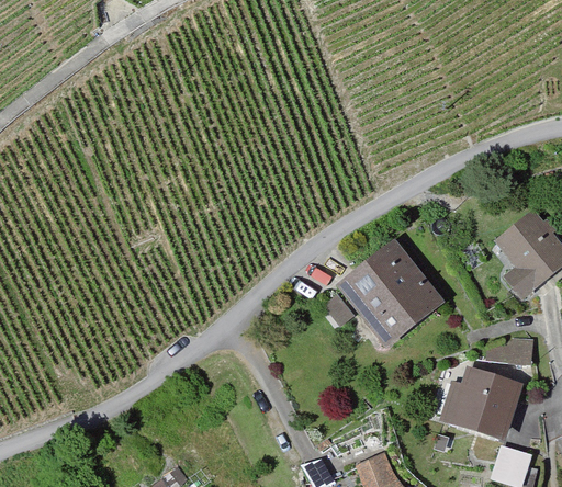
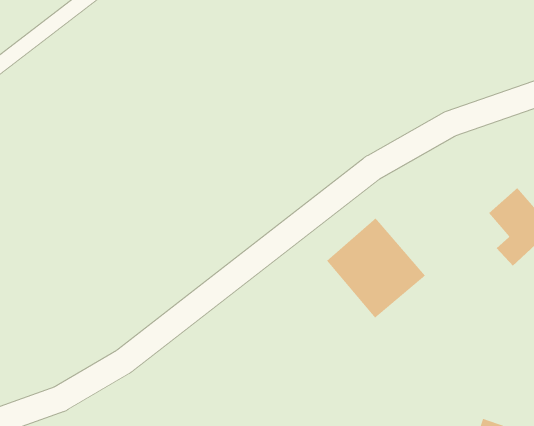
building: [490,338,535,362] -> none
building: [441,370,519,437] -> none

